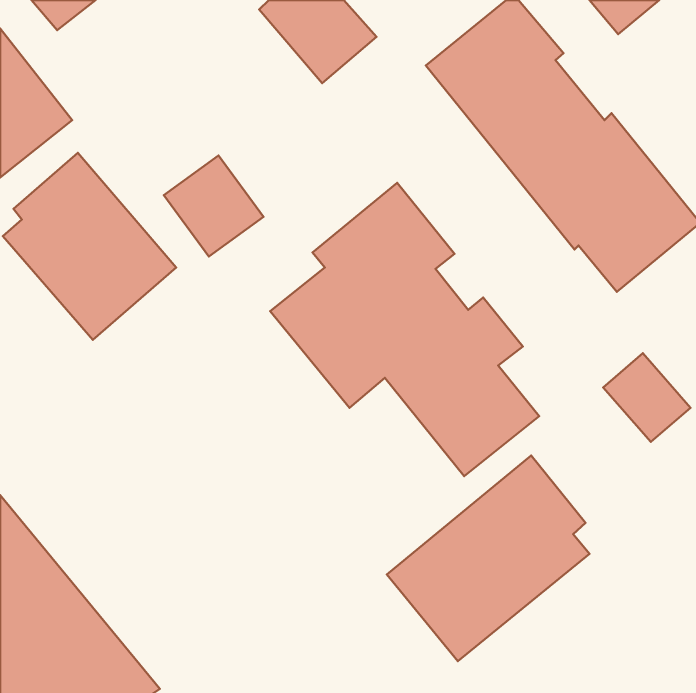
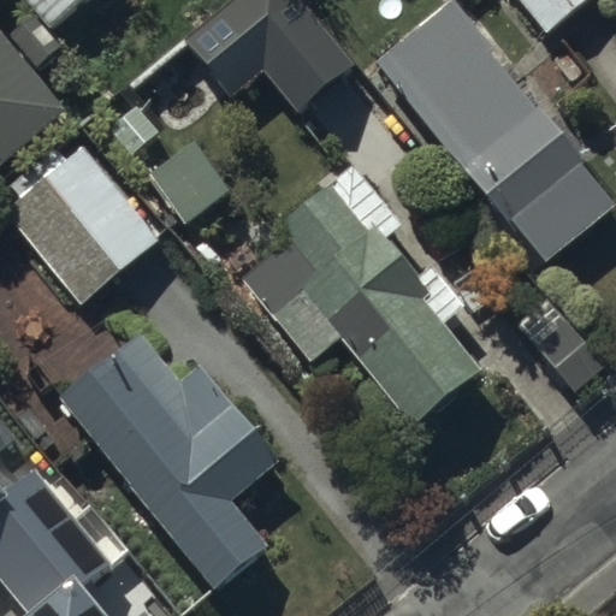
building: none -> [60,334,278,590]
building: [387,456,590,661] -> none

